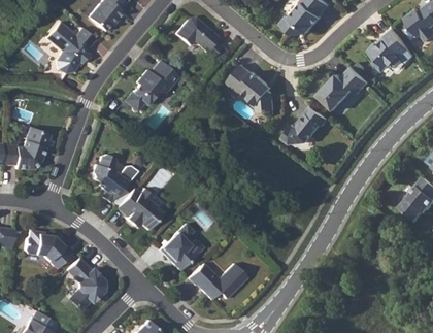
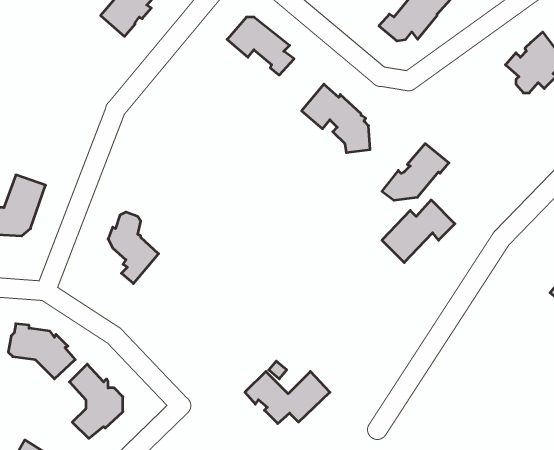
building: [46,22,96,73] -> none
building: [125,60,179,110] -> none
building: [320,66,370,109] -> [382,200,455,263]
building: [118,188,164,229] -> none
building: [160,223,204,270] -> none

